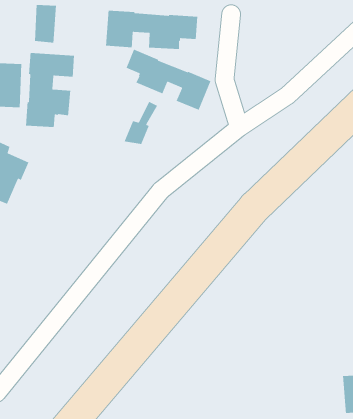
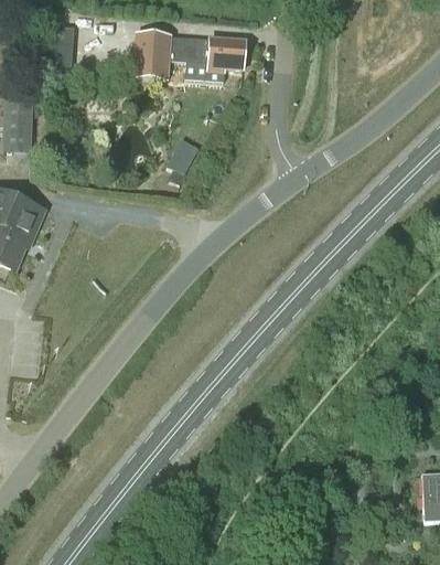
building: [126,49,211,111] -> none
building: [25,52,75,128] -> none

